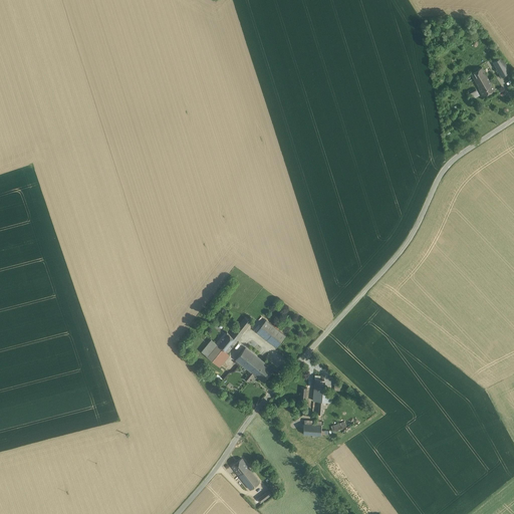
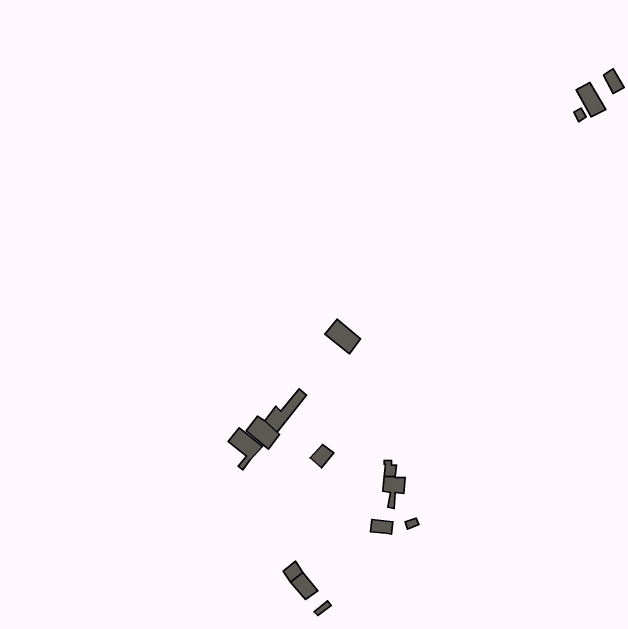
building: [255,319,284,347] -> [325,319,361,354]
building: [235,347,263,381] -> [228,428,263,470]

